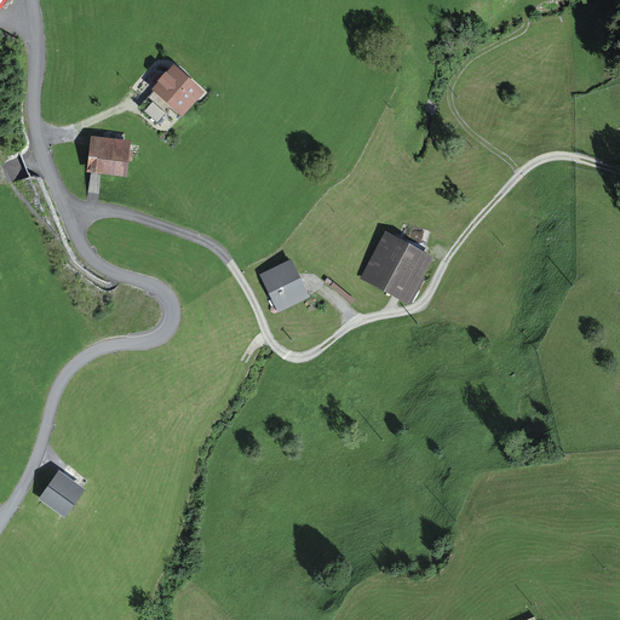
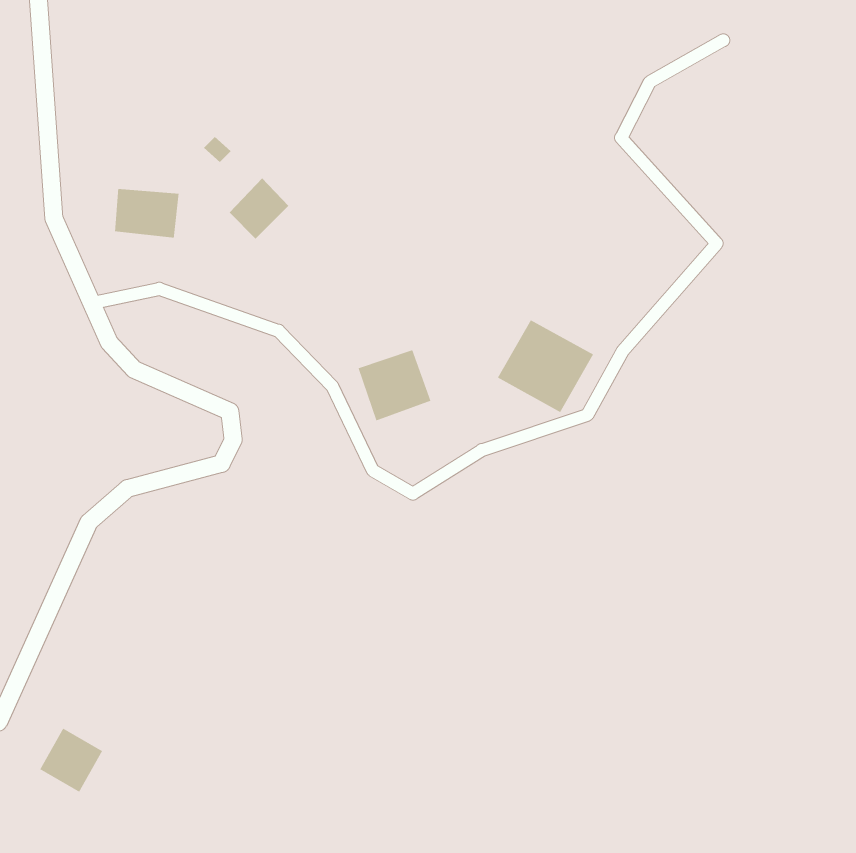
building: [155,64,199,109] -> [229,177,289,239]
building: [41,470,87,517] -> [39,727,103,793]

